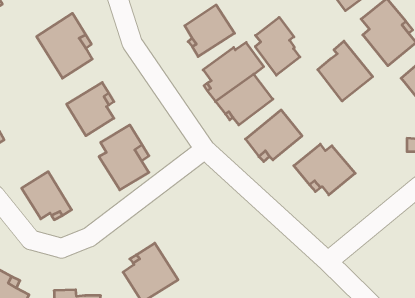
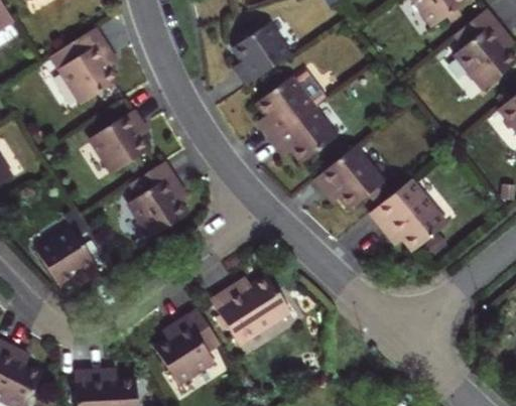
building: [255,17,300,75] -> none
building: [318,41,373,101] -> none
building: none -> [214,271,292,342]

